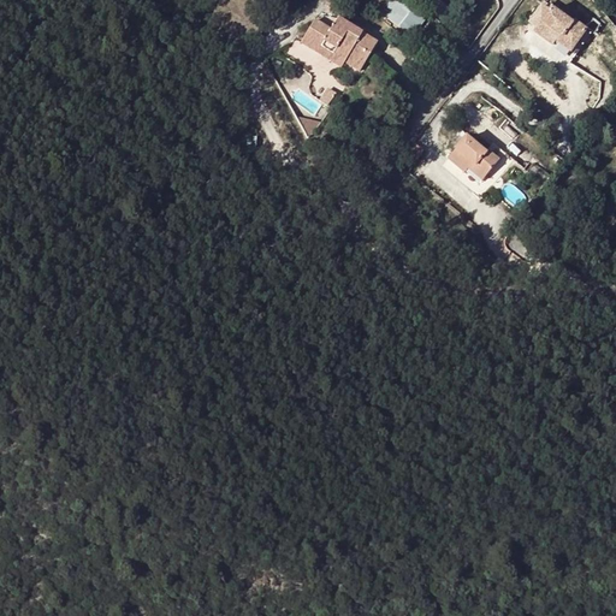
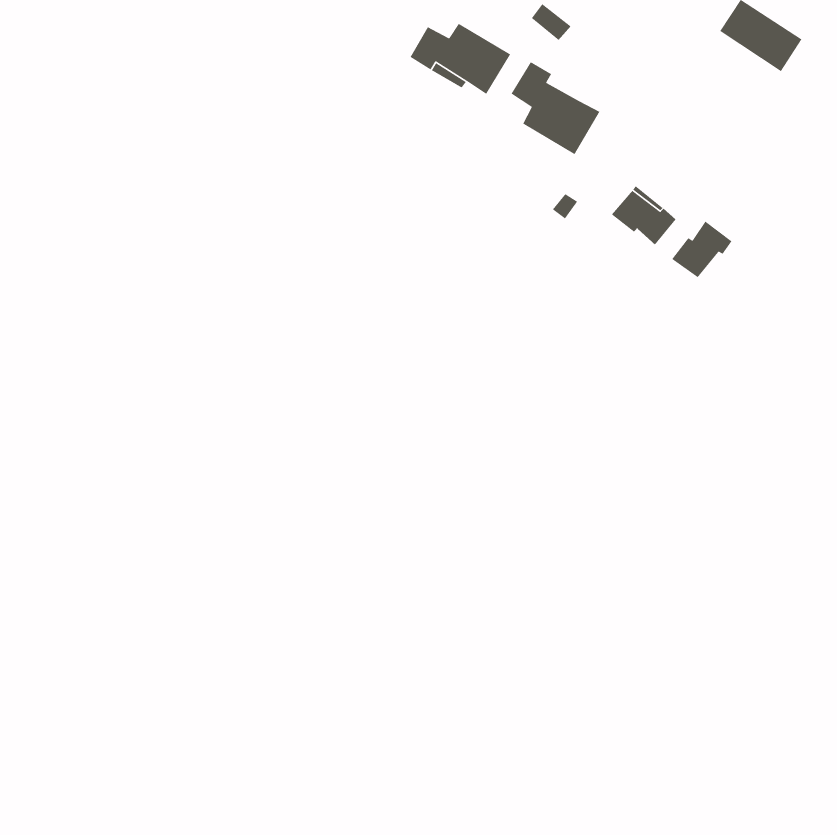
building: none -> [511,61,601,155]
building: none -> [671,221,732,278]

